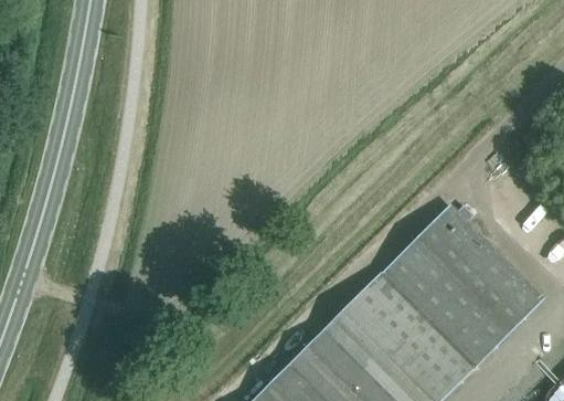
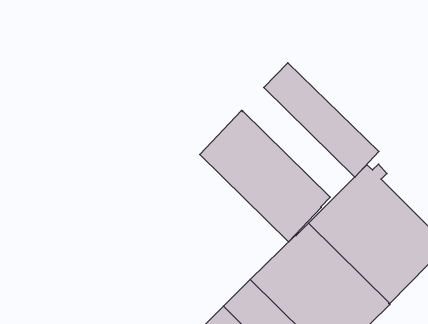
building: none -> [264,63,379,177]
building: none -> [200,111,330,242]

